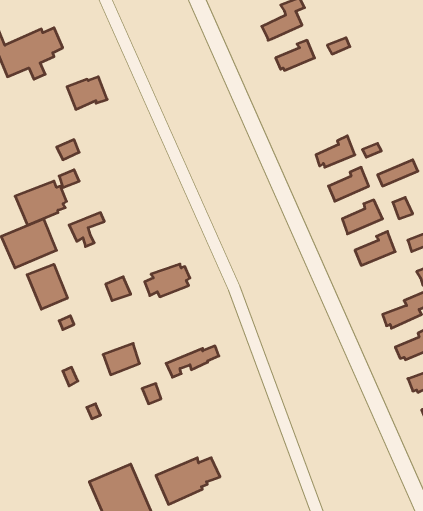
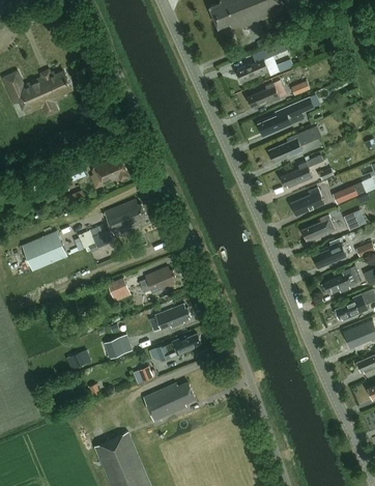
building: none -> [259,98,313,135]
building: [67,77,107,109] -> [96,158,129,184]
building: none -> [269,126,321,163]
building: [15,181,67,225] -> [105,199,147,235]
building: [27,264,67,309] -> none
building: none -> [324,268,356,293]
building: none -> [149,304,192,330]
building: [156,458,220,504] -> [143,383,196,422]

